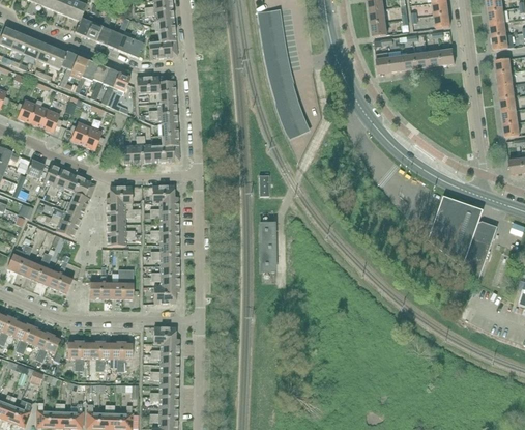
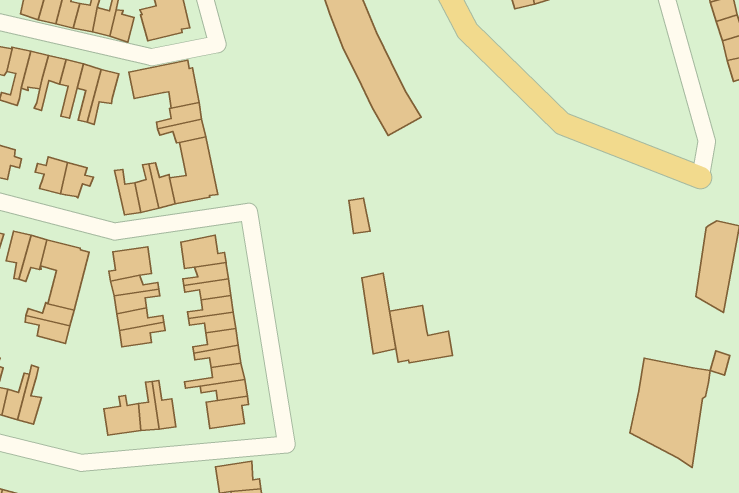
building: [428,195,483,266] -> [630,358,710,468]
building: none -> [390,306,452,363]
building: [46,266,72,293] -> none

